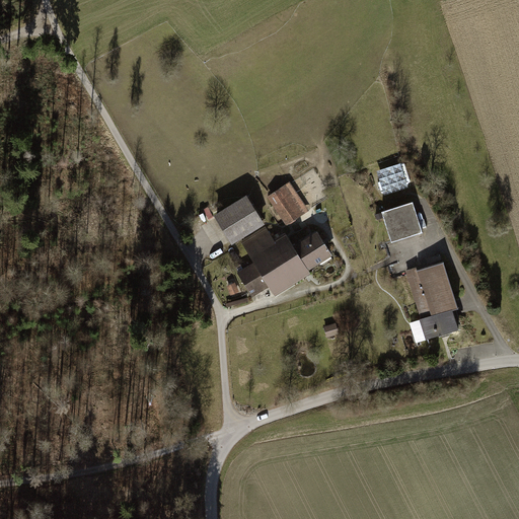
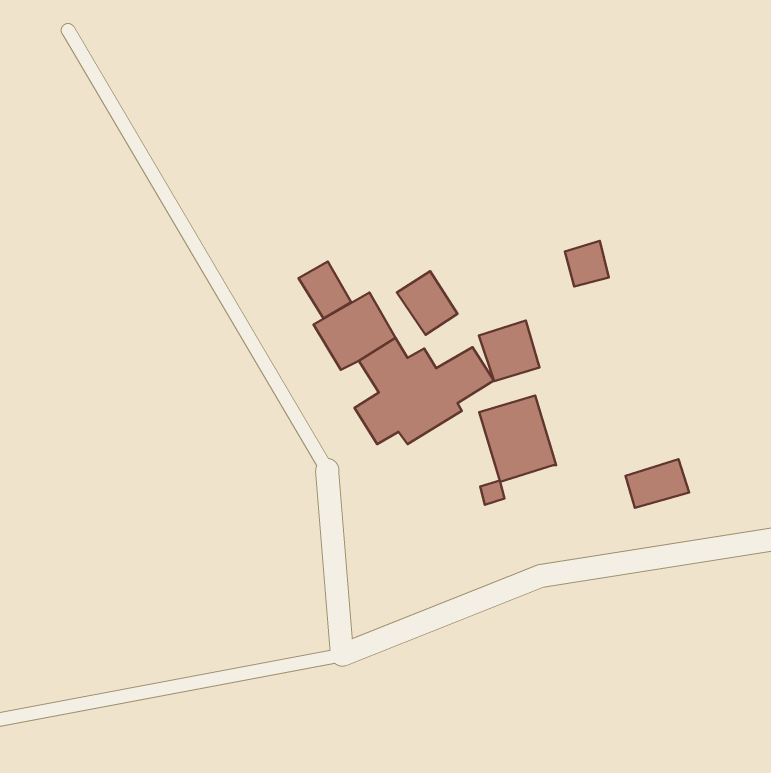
building: none -> [299,261,351,319]
building: [381,202,422,242] -> [479,320,539,381]
building: [404,261,456,318] -> [479,395,556,482]

